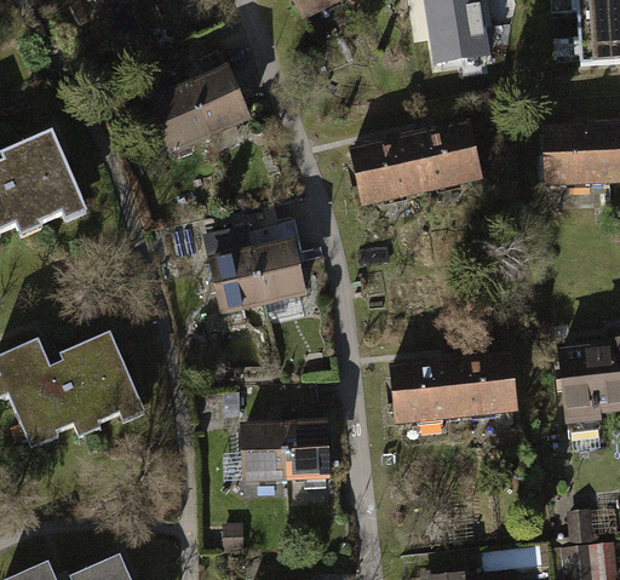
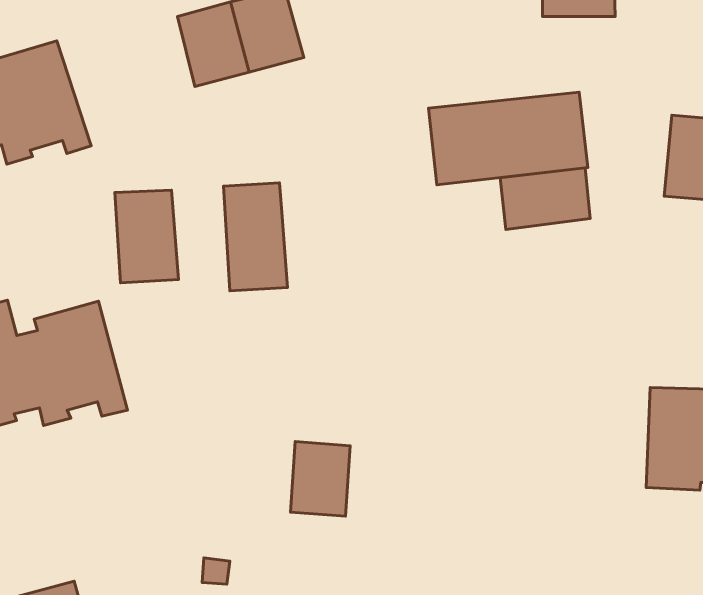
building: none -> [500,168,590,230]
building: [247,236,304,304] -> none
building: none -> [115,190,178,283]
building: [390,349,518,425] -> none
building: [237,424,285,481] -> none

